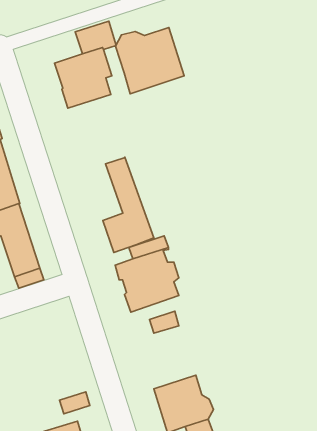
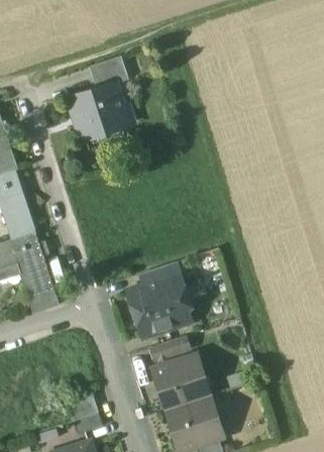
building: [116,27,184,94] -> none
building: [103,157,154,253] -> none
building: none -> [151,355,205,411]
building: none -> [68,395,99,422]

